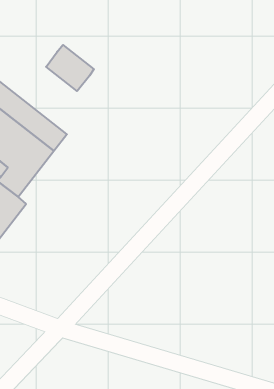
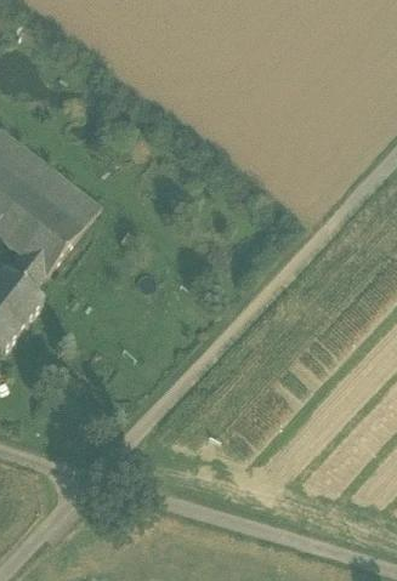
building: [46,45,94,91] -> none

